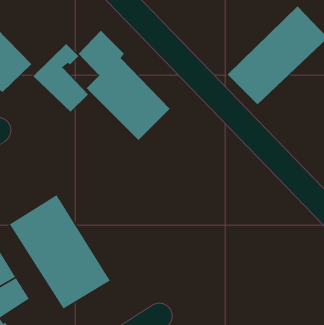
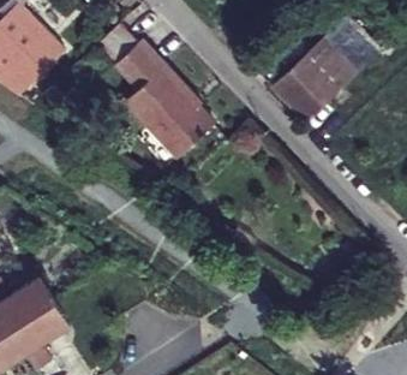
building: [32,43,89,113] -> none
building: [9,194,111,310] -> none

